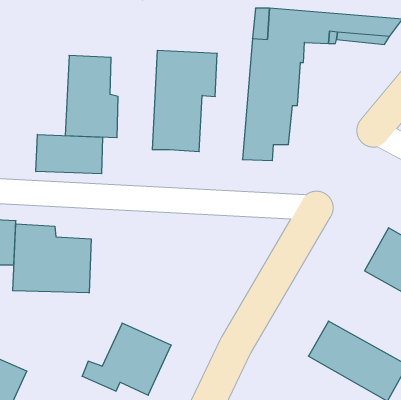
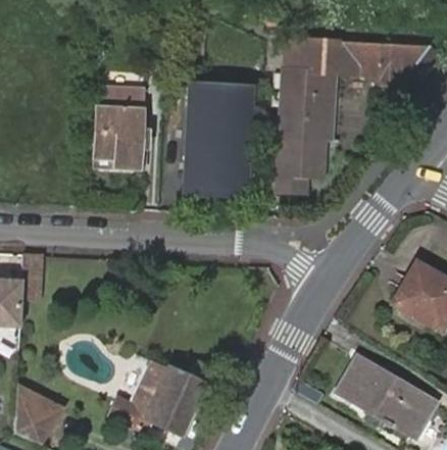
building: none -> [199,128,246,192]
building: [36,134,102,174] -> none
building: [13,224,91,293] -> none

